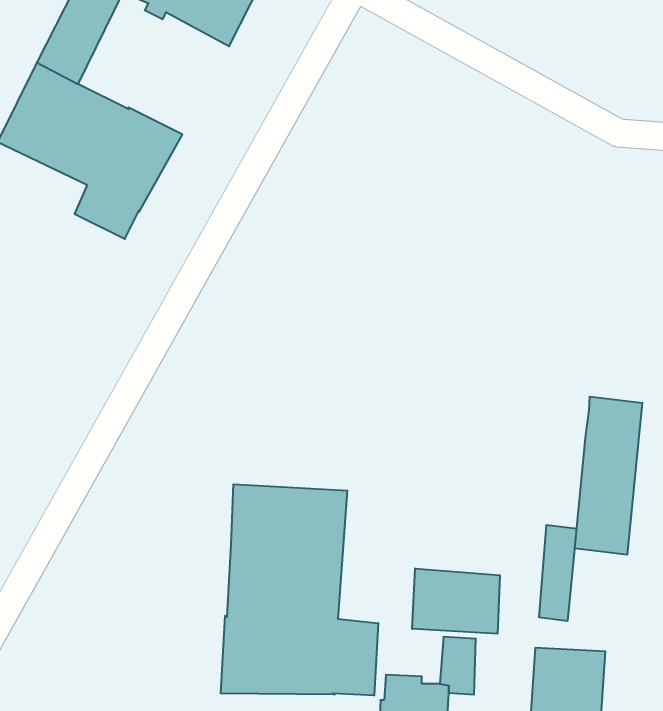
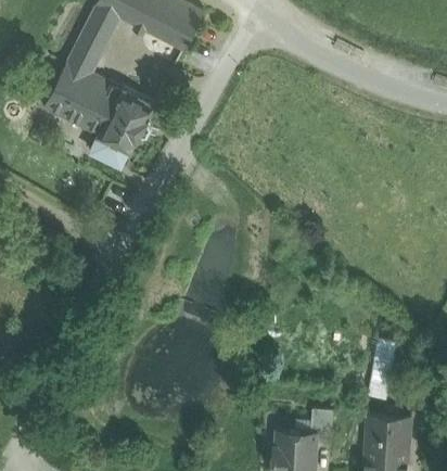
building: [575,397,642,555] -> none
building: [221,484,378,696] -> none
building: [412,568,500,634] -> none

